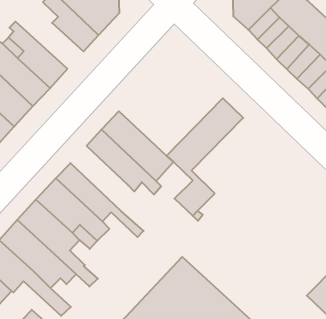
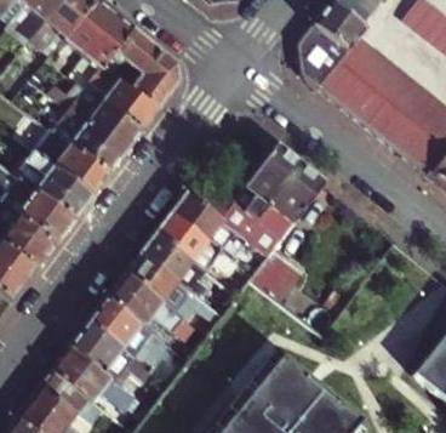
building: none -> [67,93,144,149]
building: none -> [189,144,302,234]
building: none -> [142,232,207,300]

